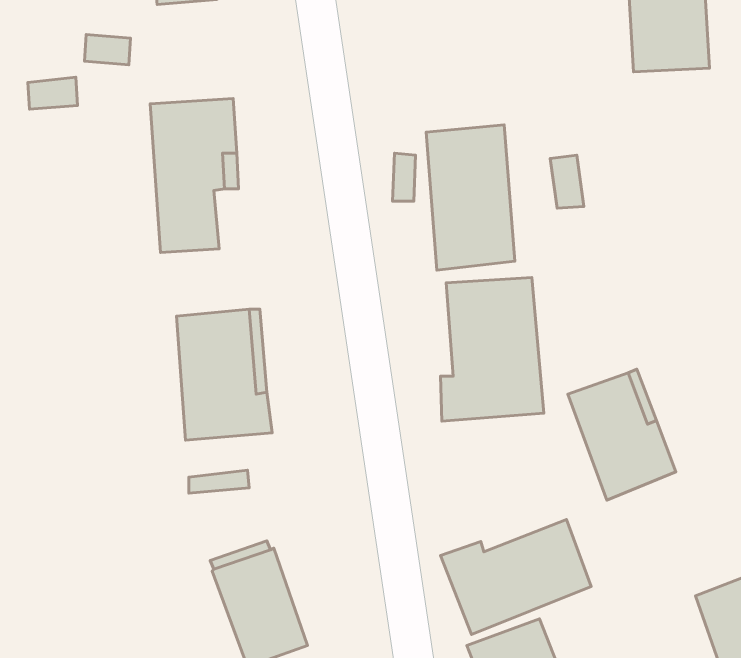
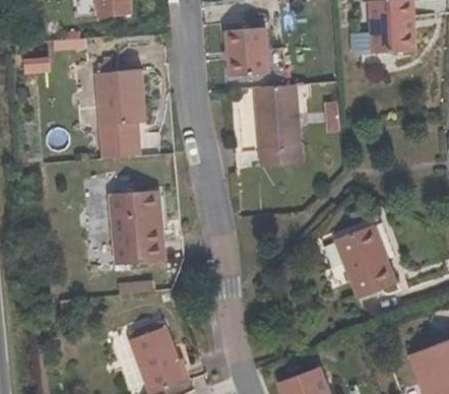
building: none -> [223,27,283,77]
building: [441,277,544,421] -> none
building: [440,520,591,634] -> none

